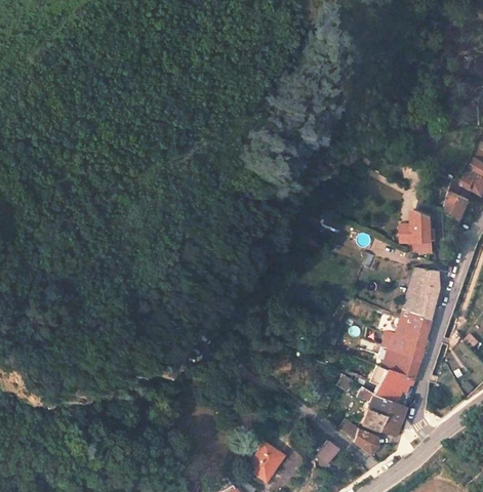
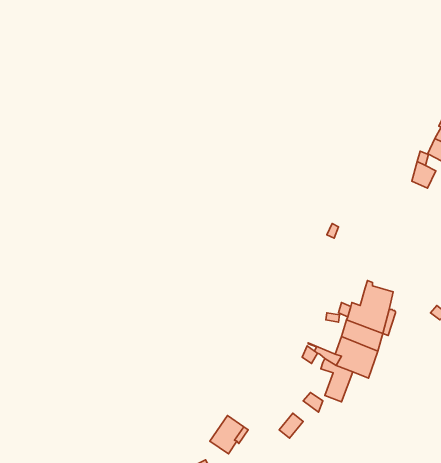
building: [408,211,433,253] -> none
building: [402,268,436,321] -> none
building: [376,400,403,435] -> none
building: [353,428,378,455] -> none

